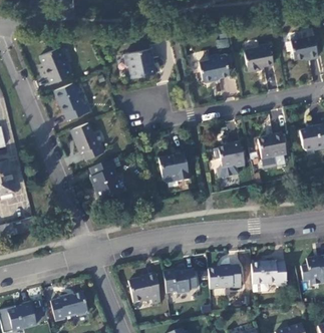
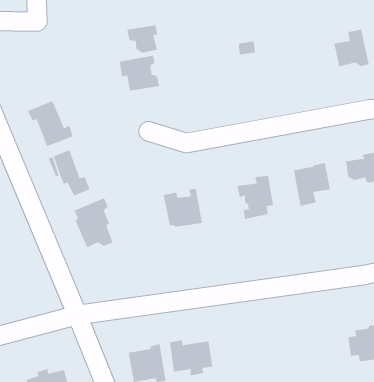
building: none -> [127,24,158,54]
building: [245,42,273,70] -> none
building: [42,51,71,82] -> none
building: [196,52,230,82] -> none
building: [250,259,286,291] -> none
building: [207,264,242,289] -> none

